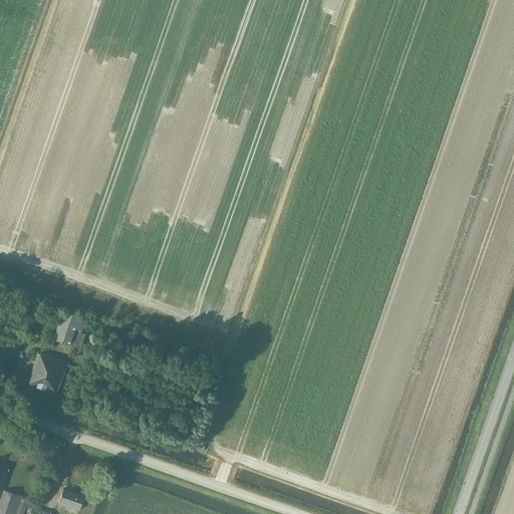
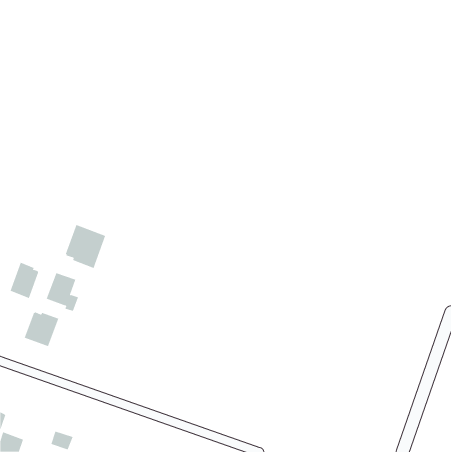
building: none -> [65,224,106,269]
building: none -> [10,262,39,299]

